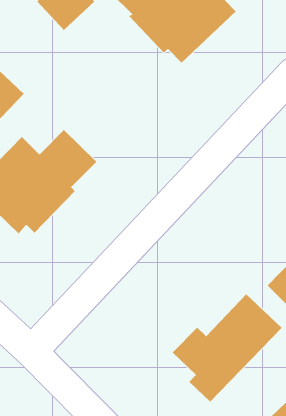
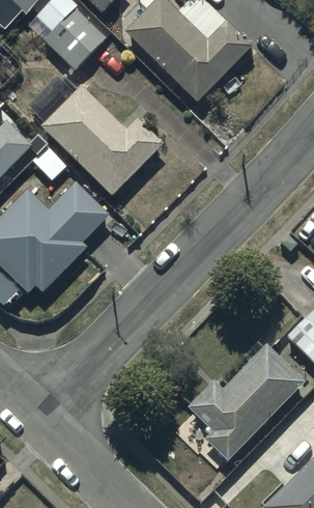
building: none -> [34,85,163,199]

